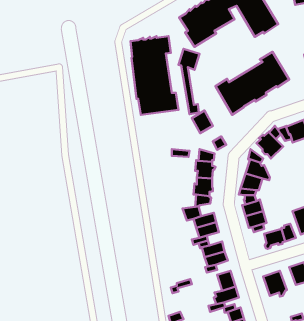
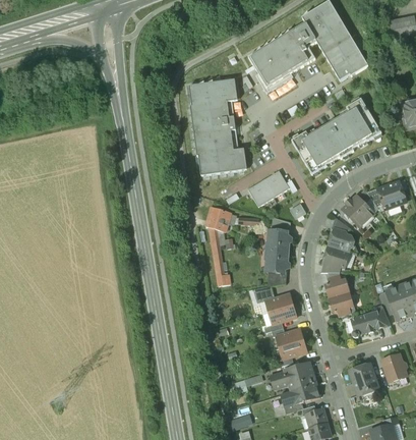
building: [179,49,200,114] -> [205,206,231,285]
building: none -> [248,178,274,206]
building: none -> [272,369,300,390]

